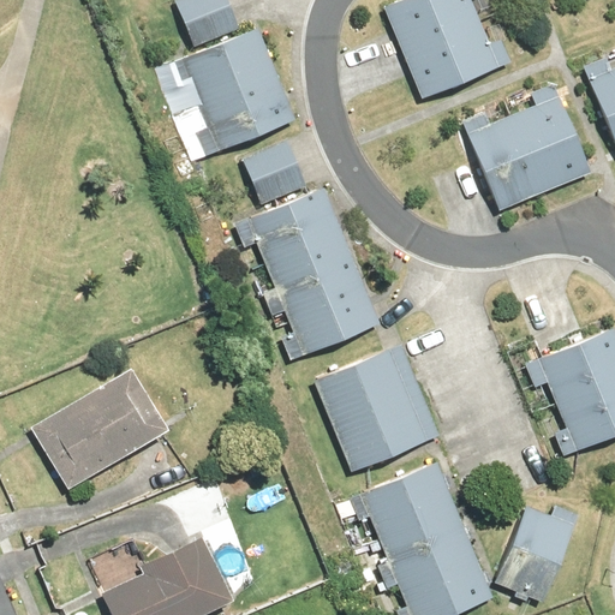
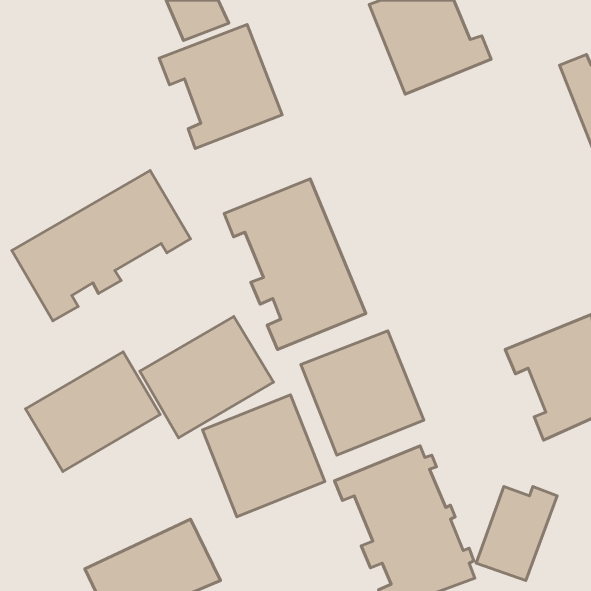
building: [461,83,593,208] -> none
building: [241,139,306,204] -> none
building: none -> [12,170,190,321]
building: none -> [140,317,274,438]
building: none -> [203,395,325,517]

